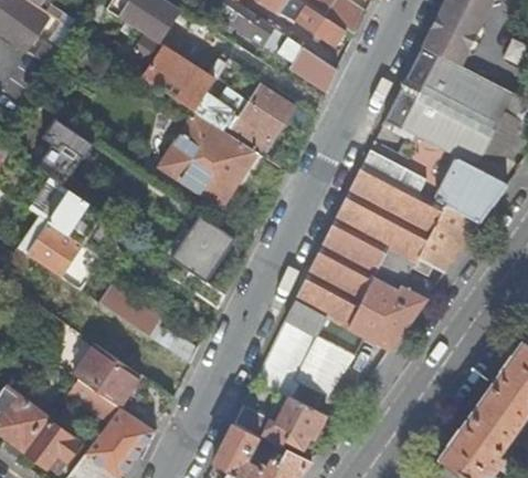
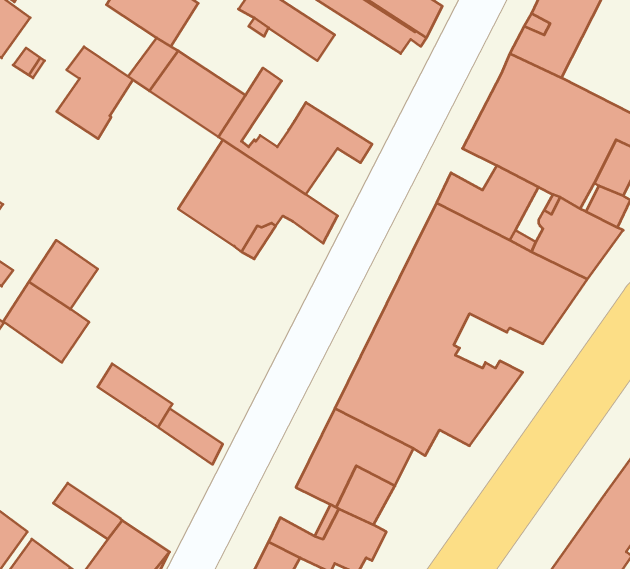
building: [278,37,337,93] -> none
building: [33,117,92,188] -> [57,47,133,139]
building: [167,220,233,282] -> none
building: [74,343,140,406] -> none

